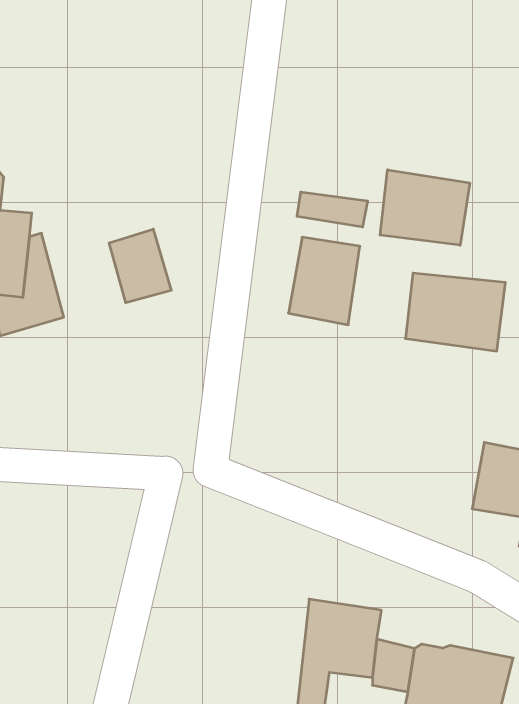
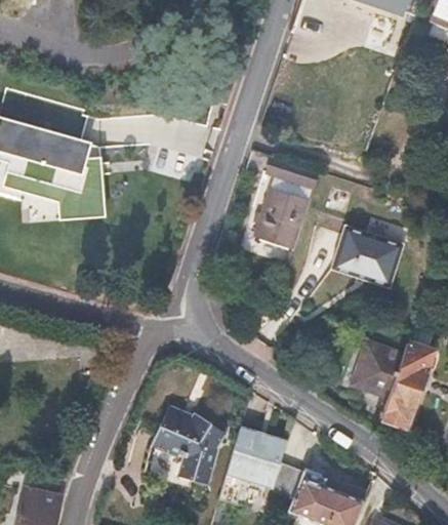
building: [380,170,470,245] -> none
building: [109,229,171,303] -> none
building: none -> [151,406,226,485]

